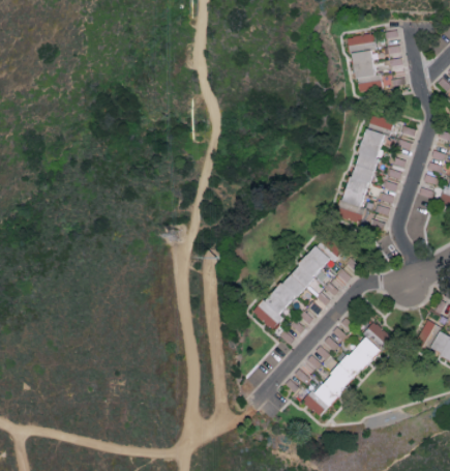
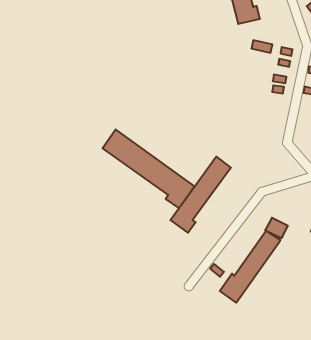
building: [338,128,385,223] -> none
building: none -> [103,129,195,208]

